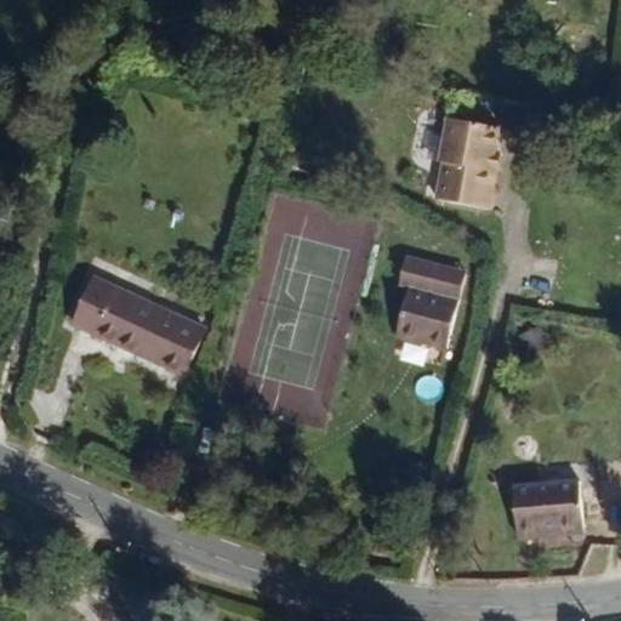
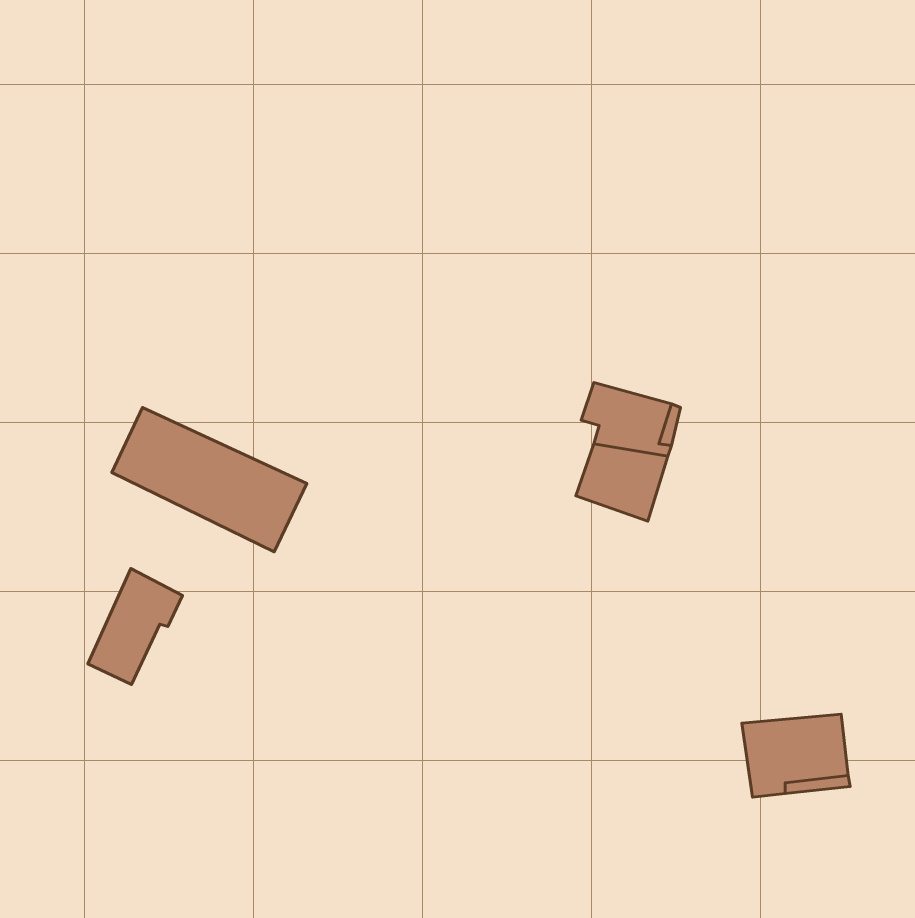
building: [434,116,497,210] -> none
building: none -> [88,569,183,685]

